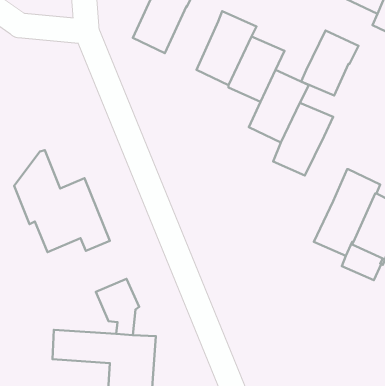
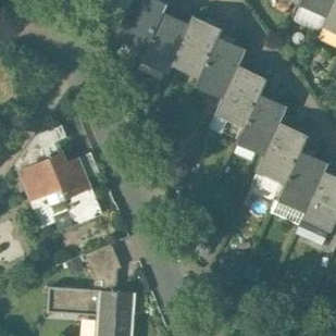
building: none -> [138,11,188,74]
building: [301,31,359,96] -> [258,122,307,177]

